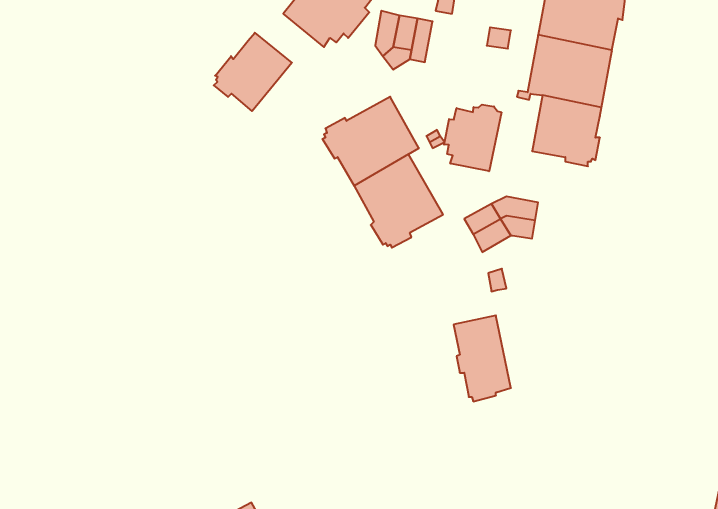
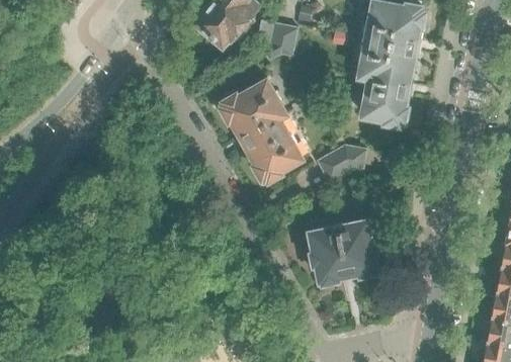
building: [214,33,292,111] -> none
building: [444,105,501,171] -> none
building: none -> [338,220,377,276]

